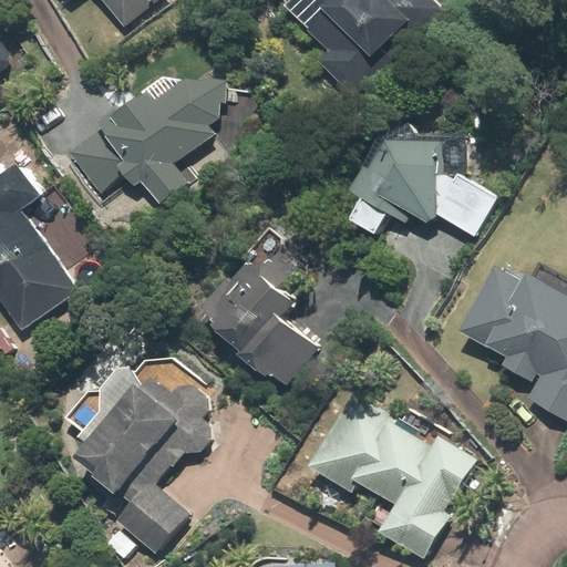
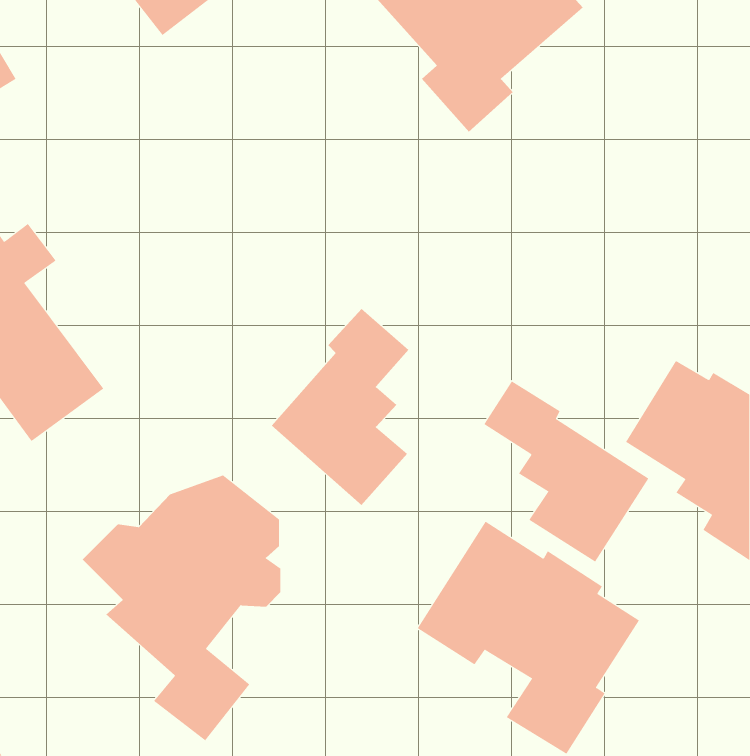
building: [65,63,246,205] -> none
building: [351,140,496,237] -> none
building: none -> [483,381,649,563]

